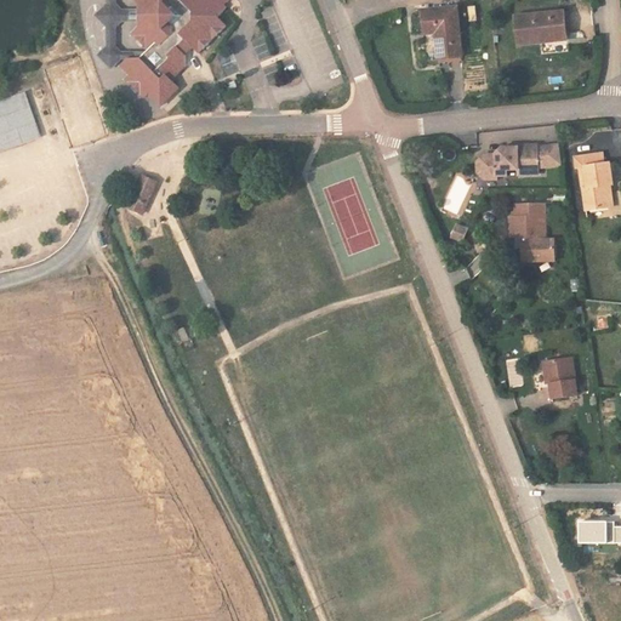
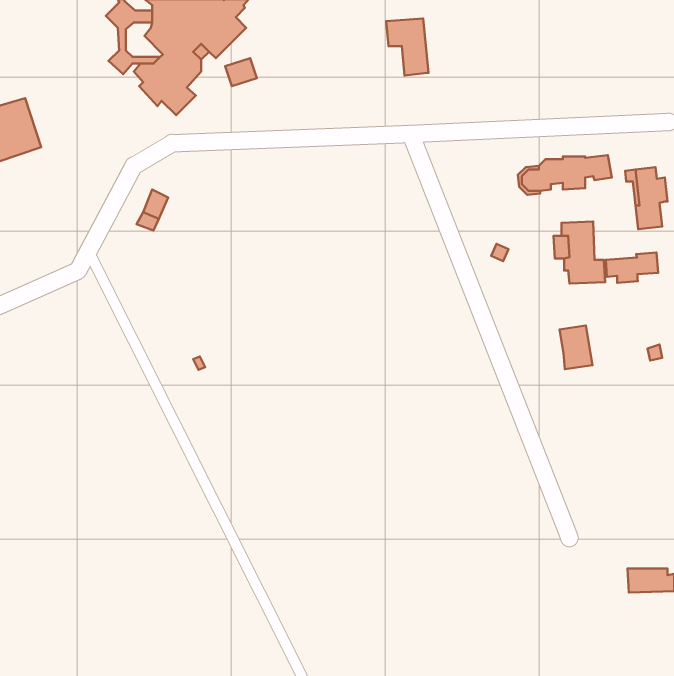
building: [423,7,462,59] -> [386,18,428,75]
building: [512,12,564,45] -> none
building: none -> [606,253,658,283]
building: [545,357,575,397] -> [559,325,592,369]

